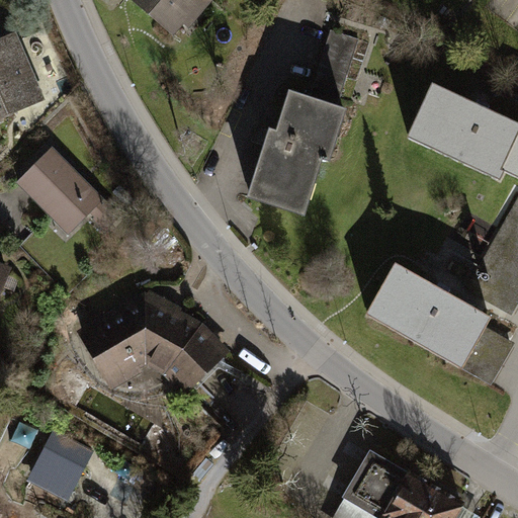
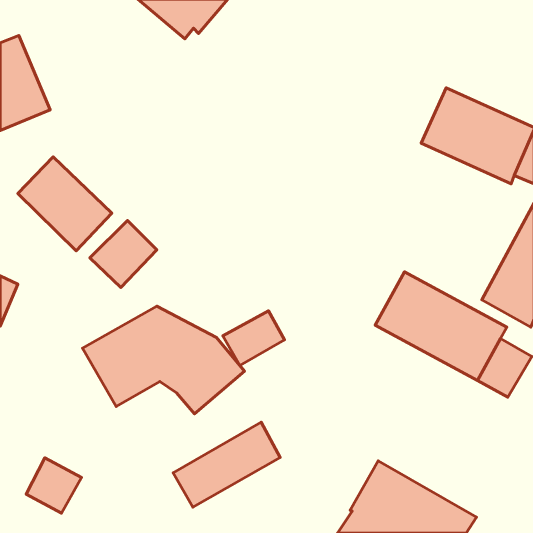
building: [244,29,355,208] -> none
building: none -> [90,220,157,288]
building: none -> [223,311,284,366]
building: none -> [173,422,280,507]

